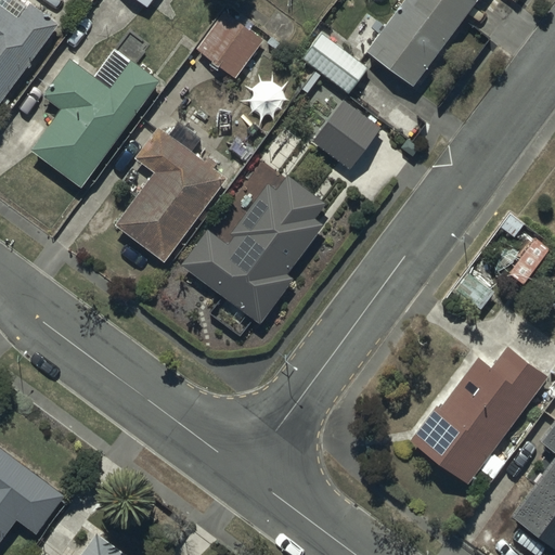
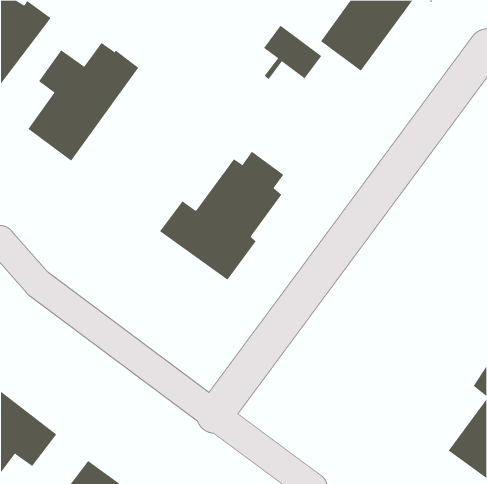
building: [196,13,262,78] -> none
building: [310,100,379,170] -> none
building: [115,122,225,262] -> none
building: [409,348,545,483] -> none

